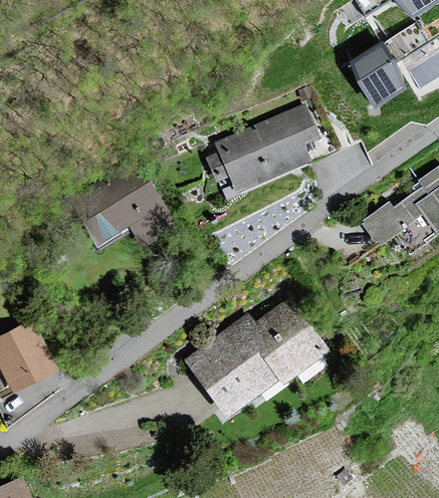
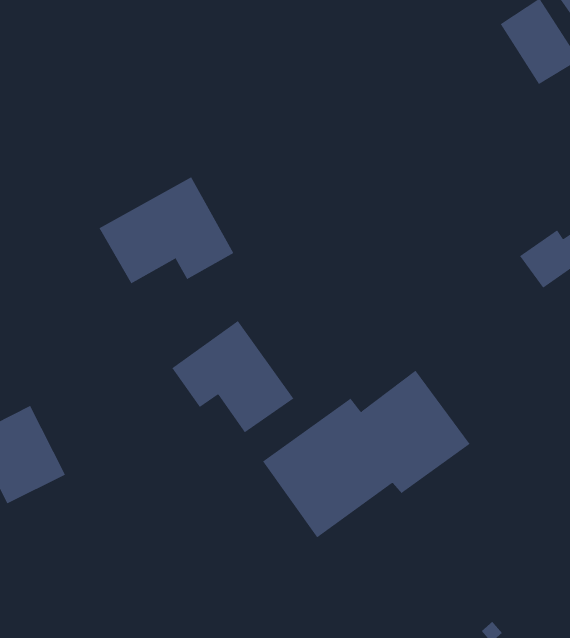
building: [207,108,313,190] -> none
building: none -> [171,320,294,433]

